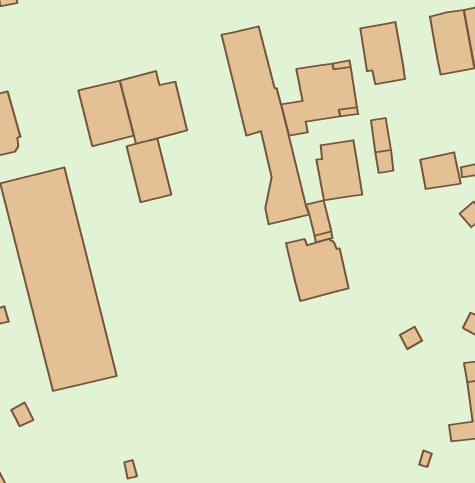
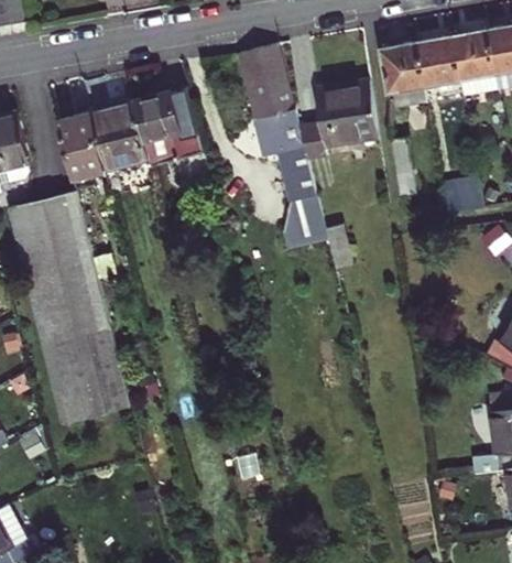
building: none -> [416,35,459,85]
building: [127,139,171,202] -> [57,111,104,176]
building: [316,140,362,201] -> none
building: [286,239,349,301] -> none

